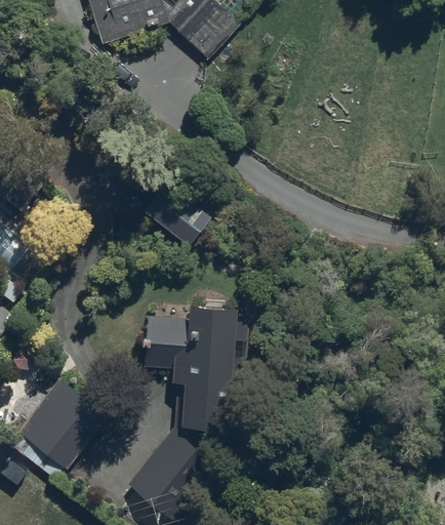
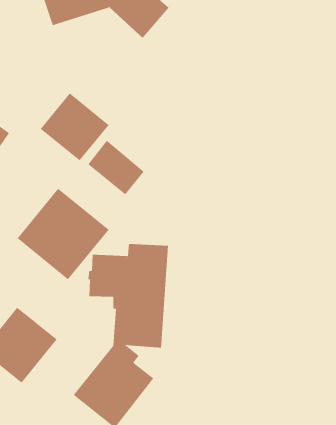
building: none -> [40,93,109,161]
building: none -> [17,188,110,280]

